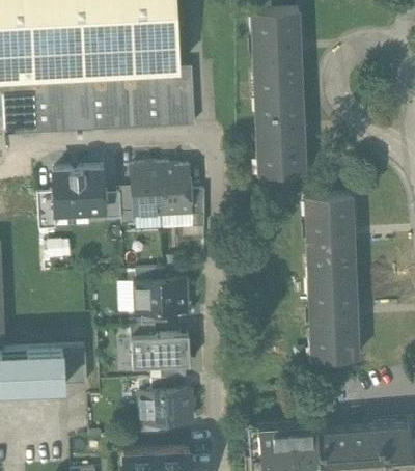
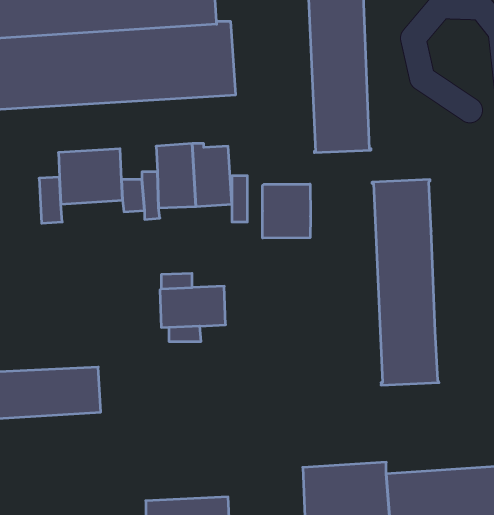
building: none -> [263,184,310,238]
building: [131,336,189,369] -> none
building: [138,391,192,424] -> none

